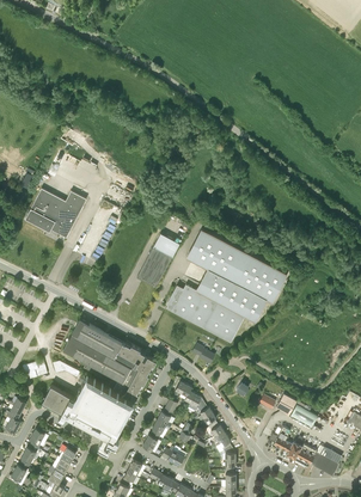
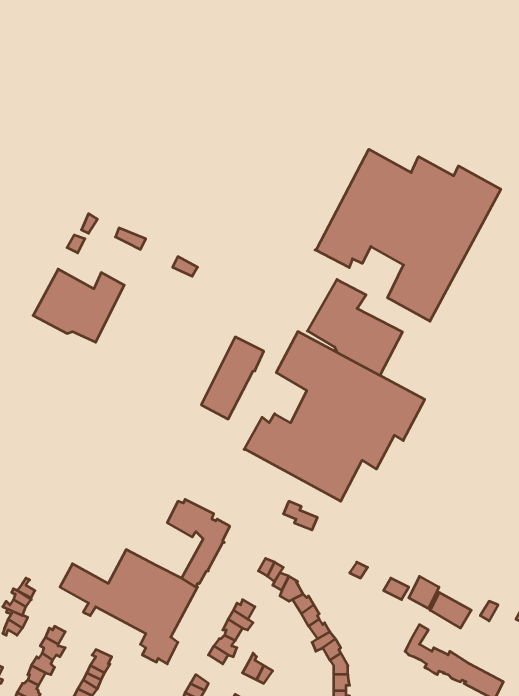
building: none -> [315,149,501,321]
building: none -> [307,279,402,375]
building: [62,320,137,395] -> none

